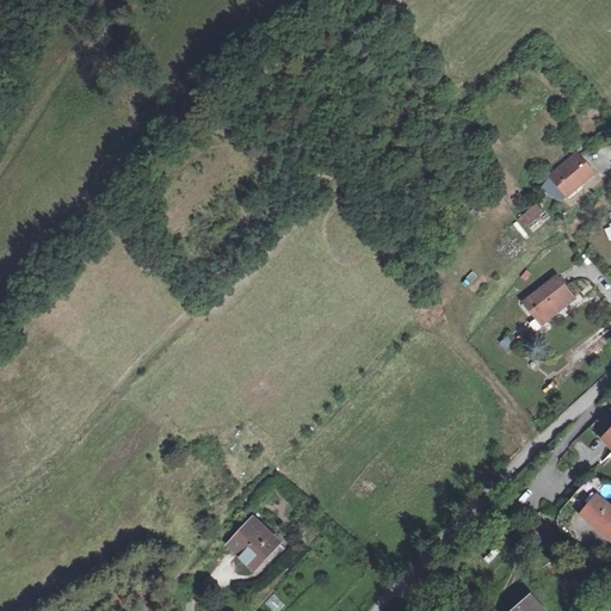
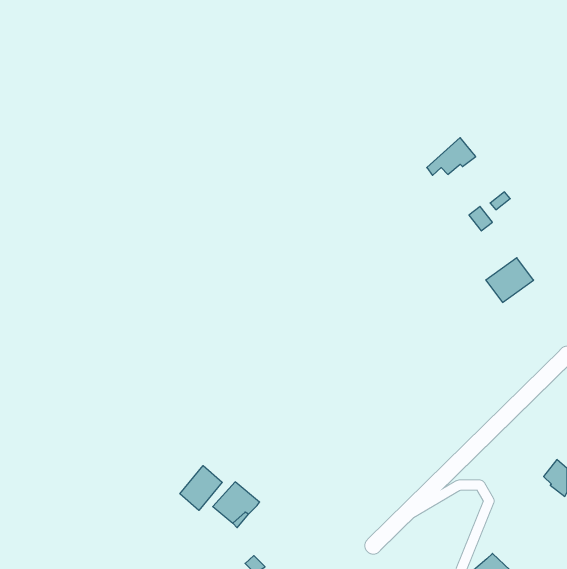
building: [545,156,598,197] -> [427,138,476,175]
building: none -> [180,466,222,510]

